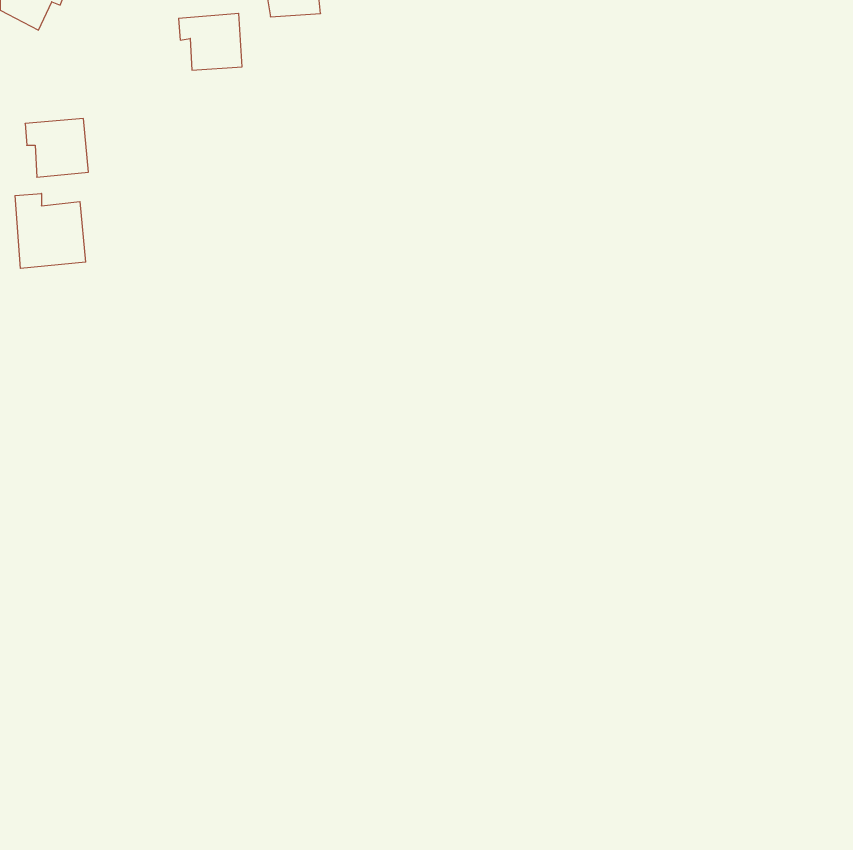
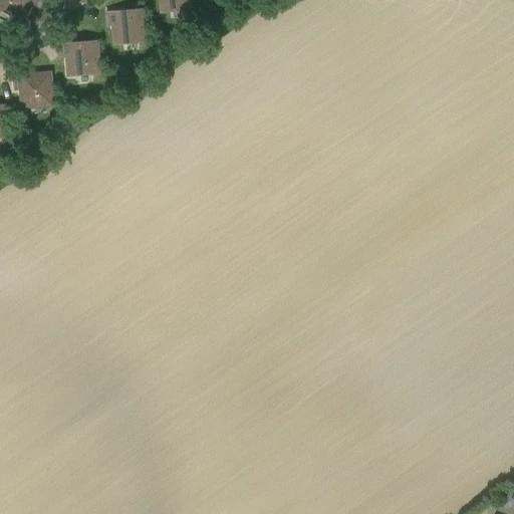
building: none -> [61,39,99,74]
building: [15,193,86,268] -> none

